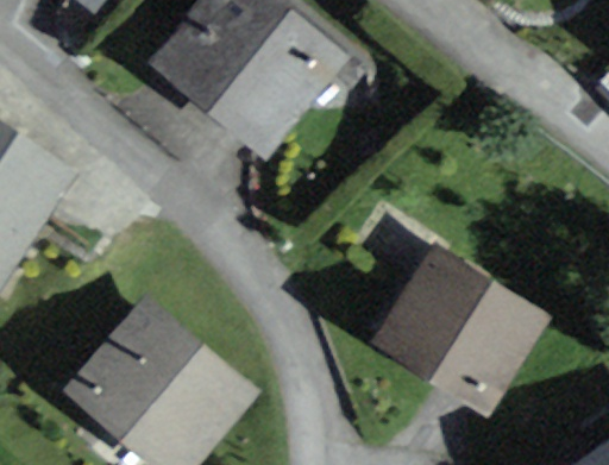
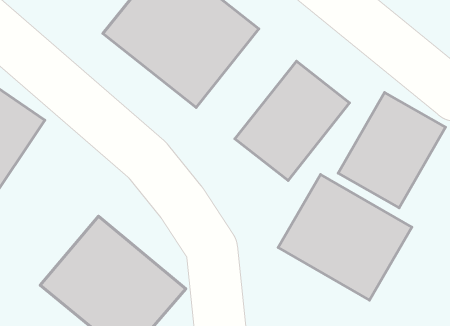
building: none -> [235,61,350,180]
building: none -> [338,92,446,208]

